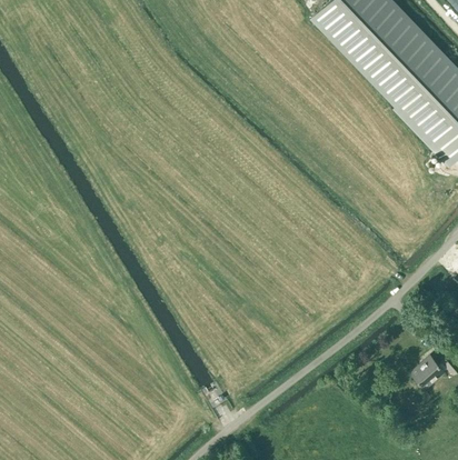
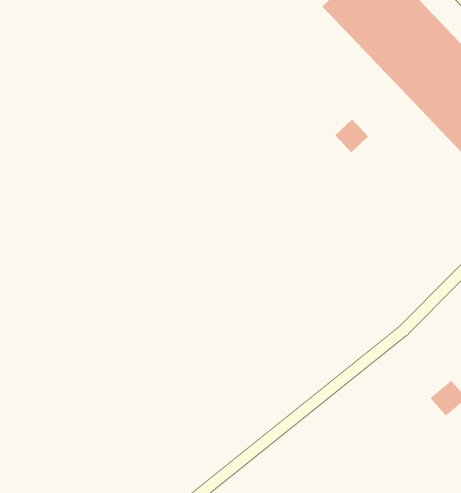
building: none -> [335,119,369,153]

